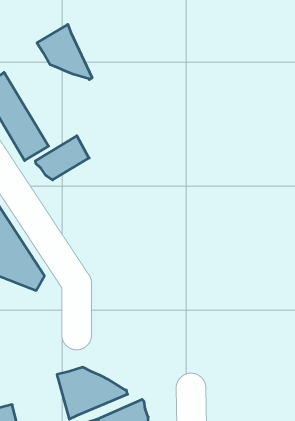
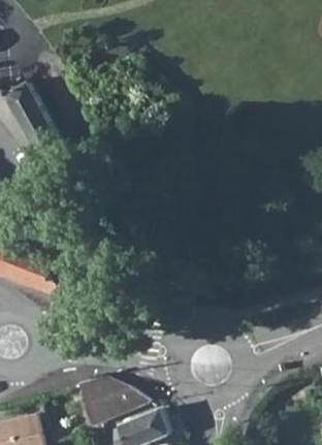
building: [37,24,92,80] -> none
building: [35,136,89,180] -> none

